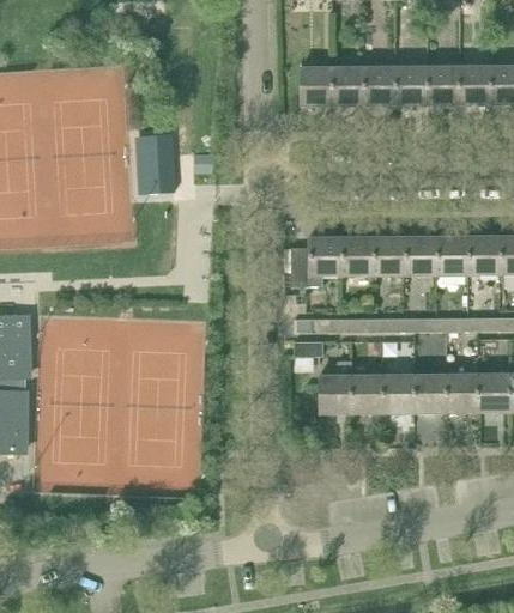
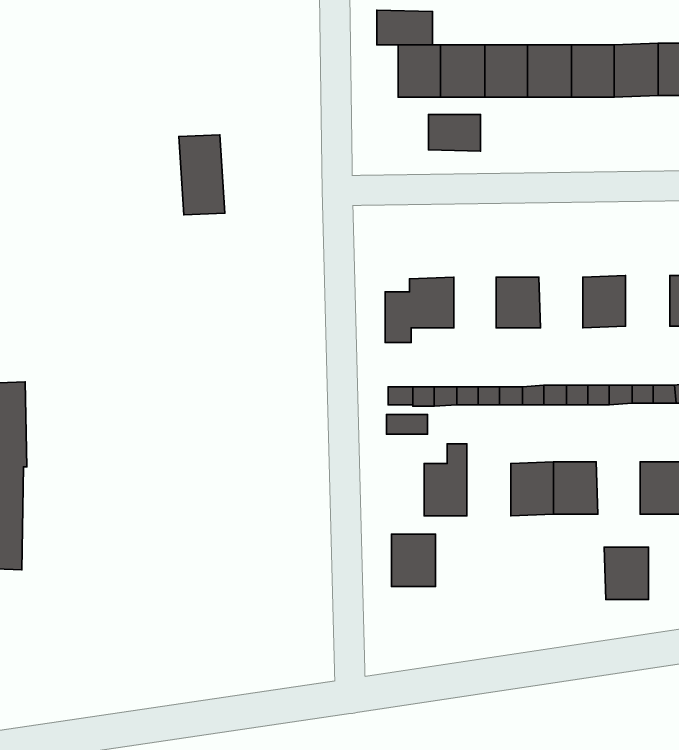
building: none -> [377,10,433,45]
building: none -> [429,114,481,151]
building: [467,236,500,273] -> none
building: [341,237,373,274] -> none
building: [404,237,436,274] -> none
building: [446,372,478,411] -> [604,547,648,599]
building: [351,374,383,412] -> [391,534,436,586]

